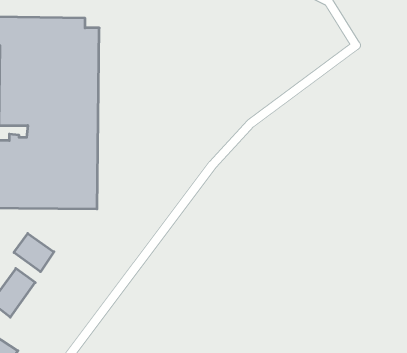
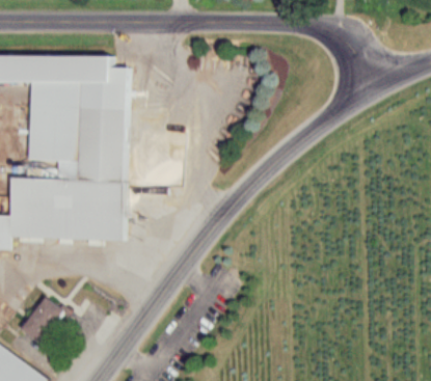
building: [14,233,54,272] -> none

